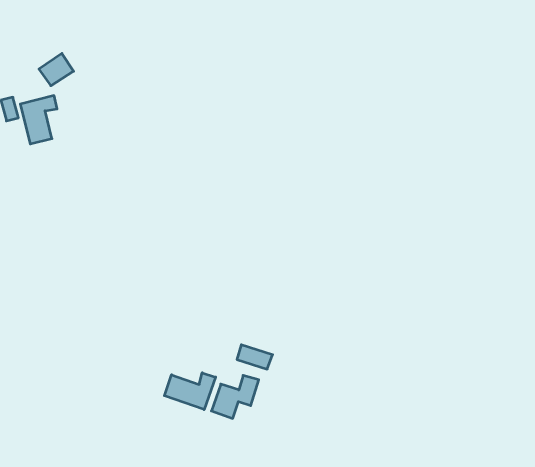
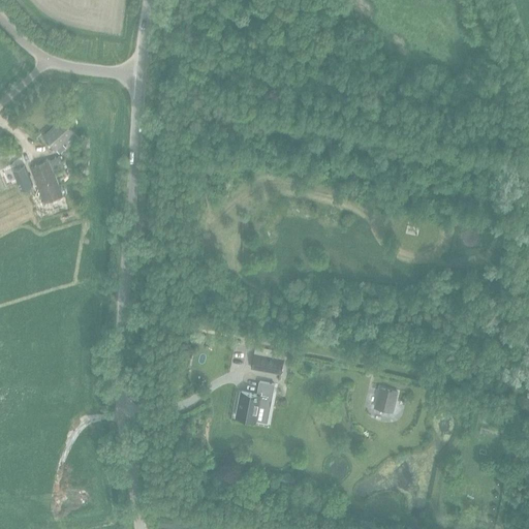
building: [164,373,216,410] -> none
building: none -> [373,390,397,413]

